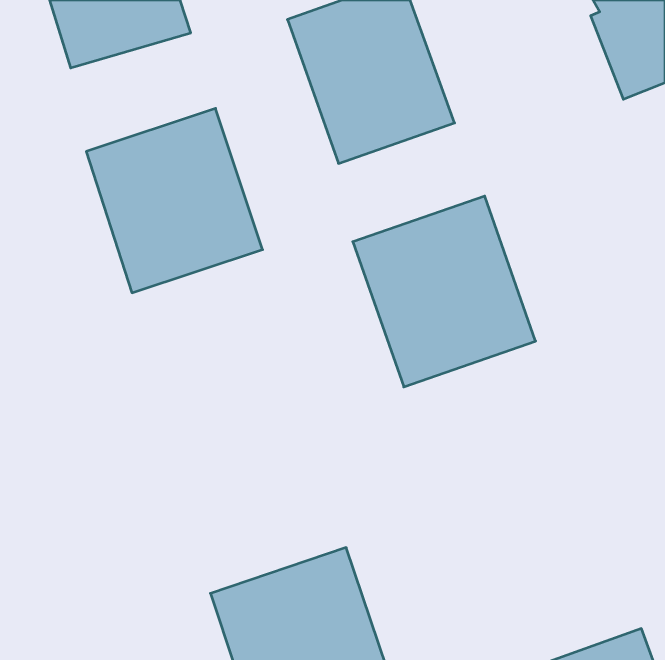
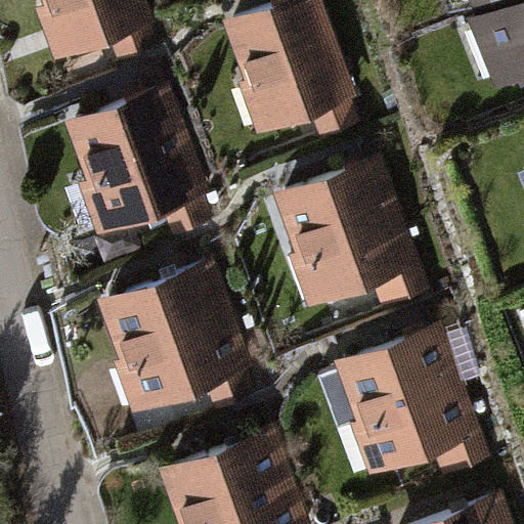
building: none -> [104,259,251,412]
building: none -> [337,328,478,476]

